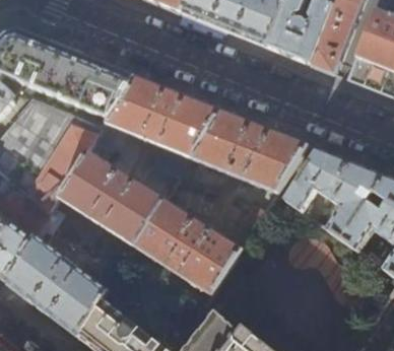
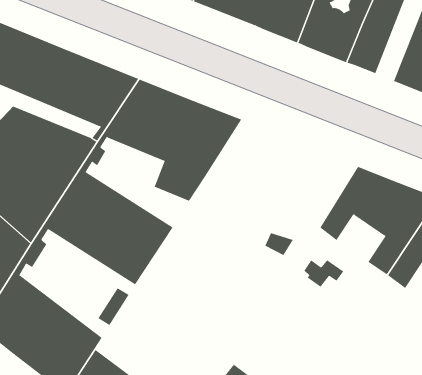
building: [190,109,305,191] -> none
building: [132,198,239,294] -> none

